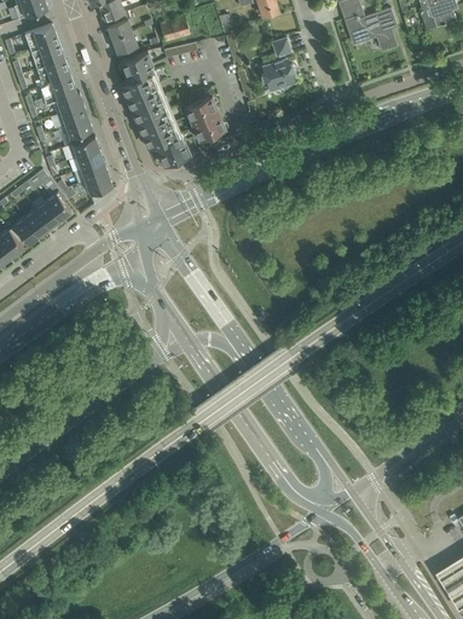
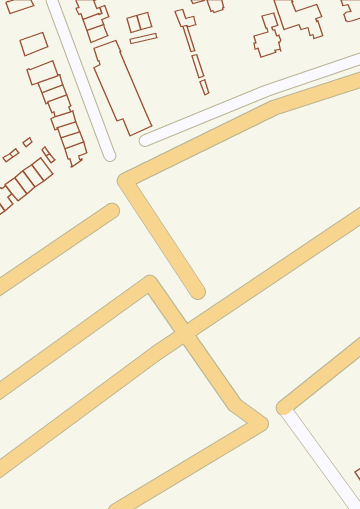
building: [24,24,59,52] -> none
building: [262,39,295,92] -> [254,13,281,57]
building: [37,59,71,87] -> none
building: [185,96,226,141] -> none

